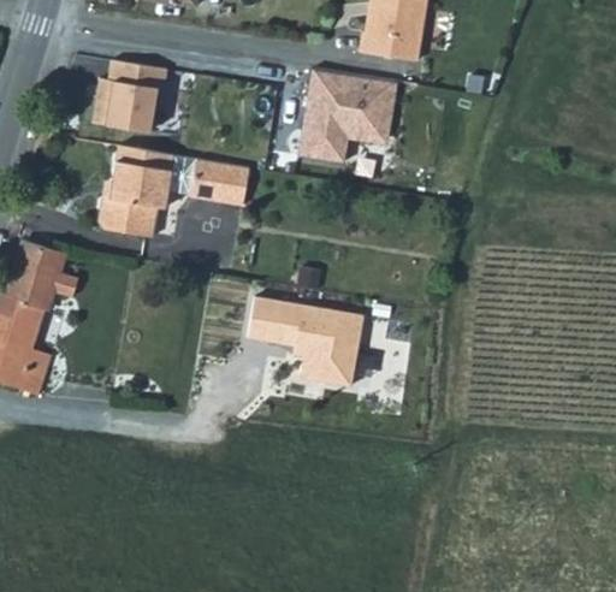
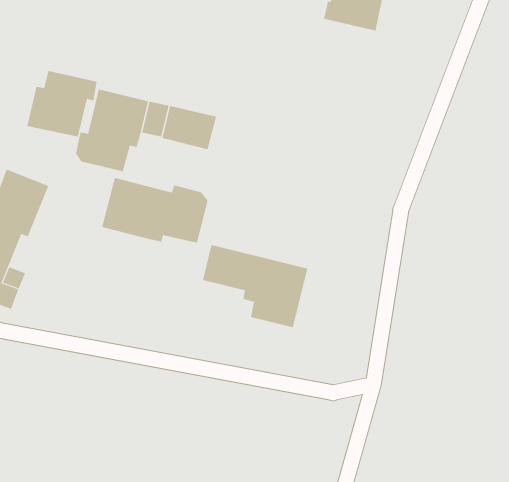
building: [91,59,166,130] -> [27,71,98,137]
building: [298,67,397,162] -> none
building: none -> [101,177,208,244]

